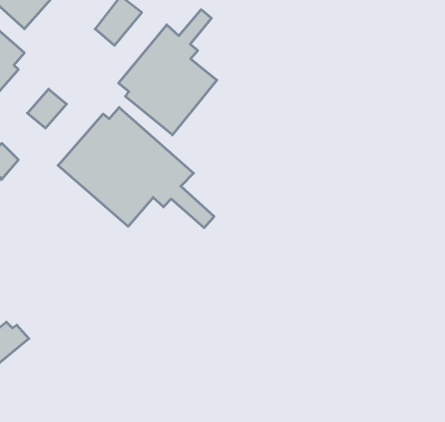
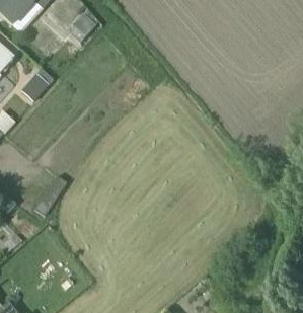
building: [119,10,217,135] -> none
building: [58,107,214,228] -> none

